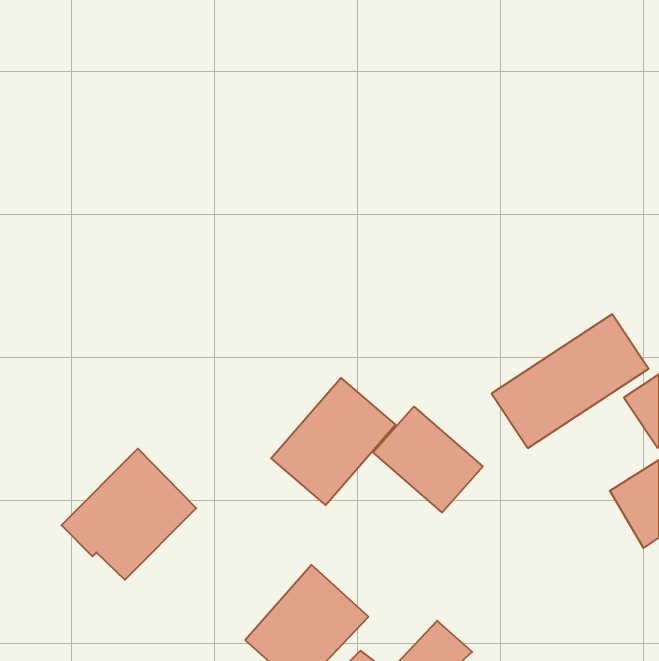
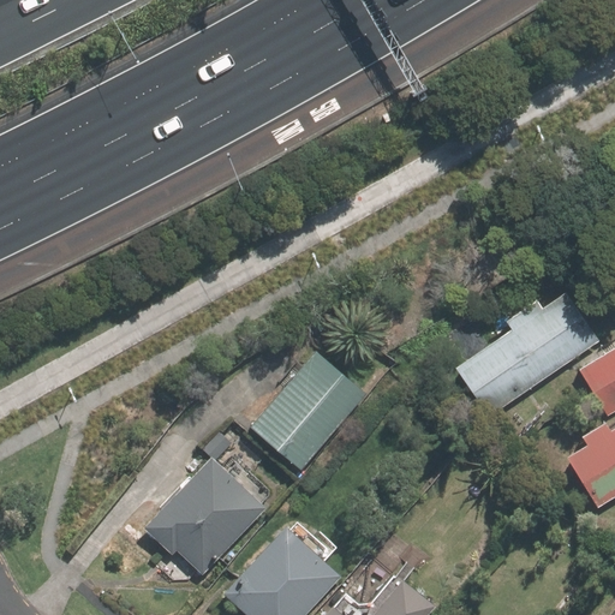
building: [373,407,483,513] -> none
building: [61,449,196,580] -> [143,454,268,575]

